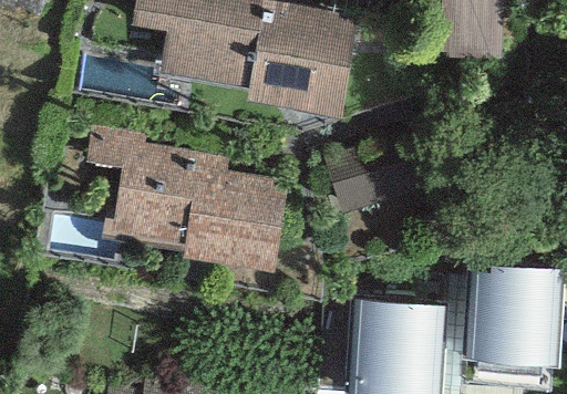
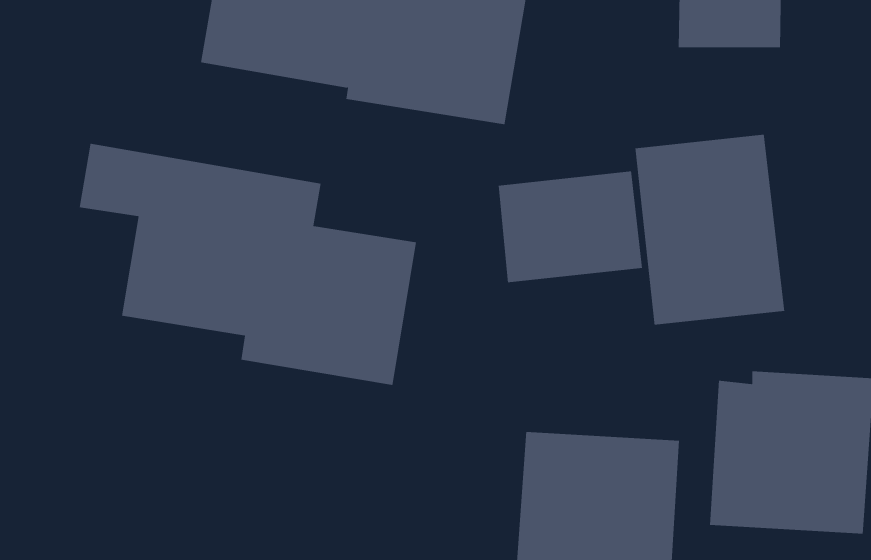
building: none -> [635,134,785,326]

